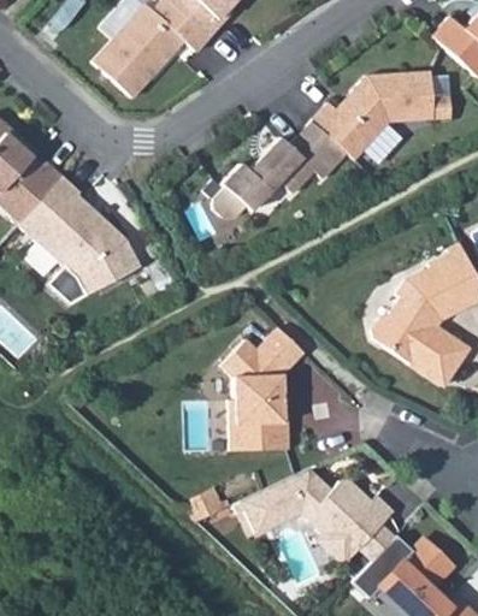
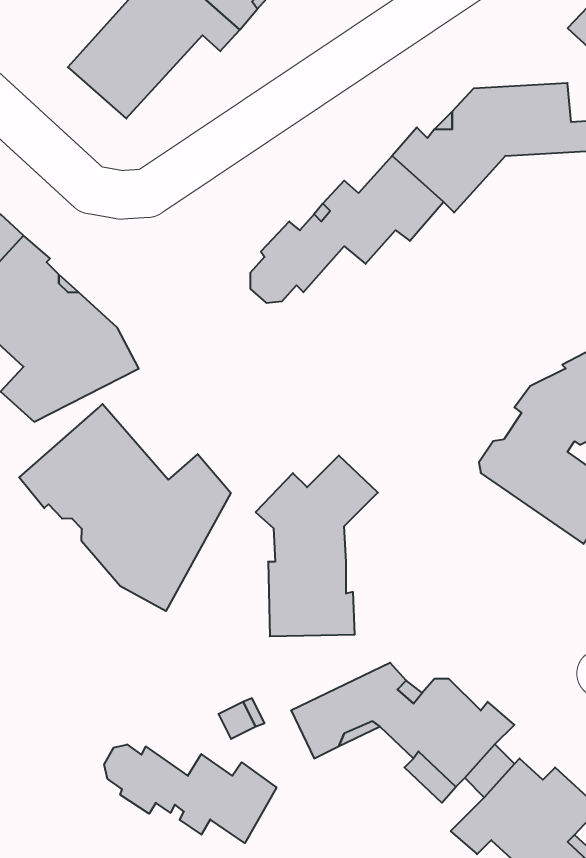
building: none -> [19,404,231,611]
building: none -> [104,744,276,843]

